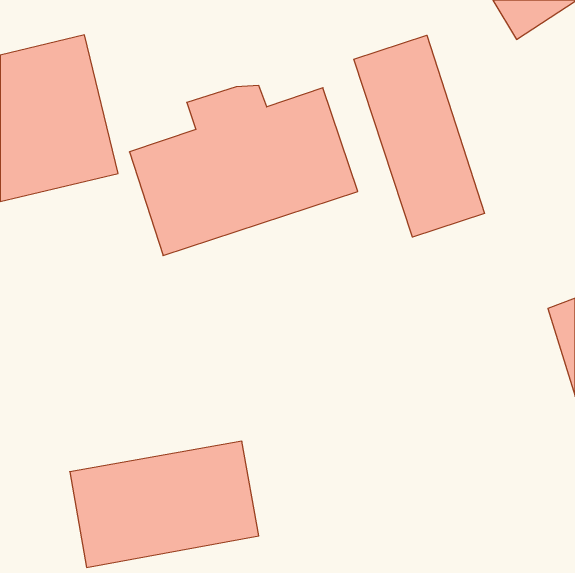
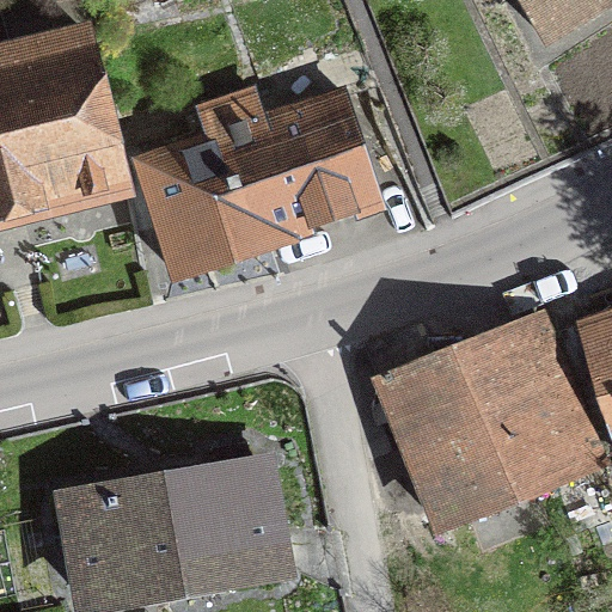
building: [354,35,485,237] -> none
building: none -> [365,324,602,528]

